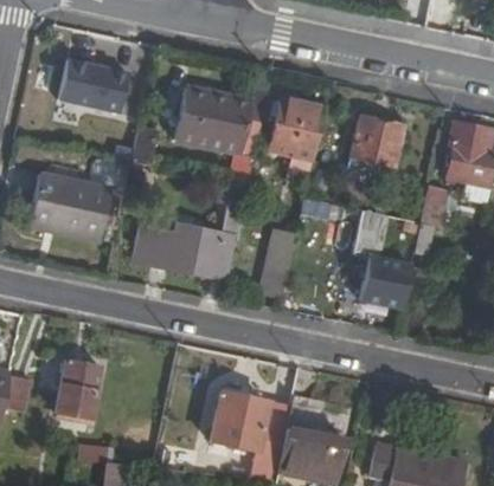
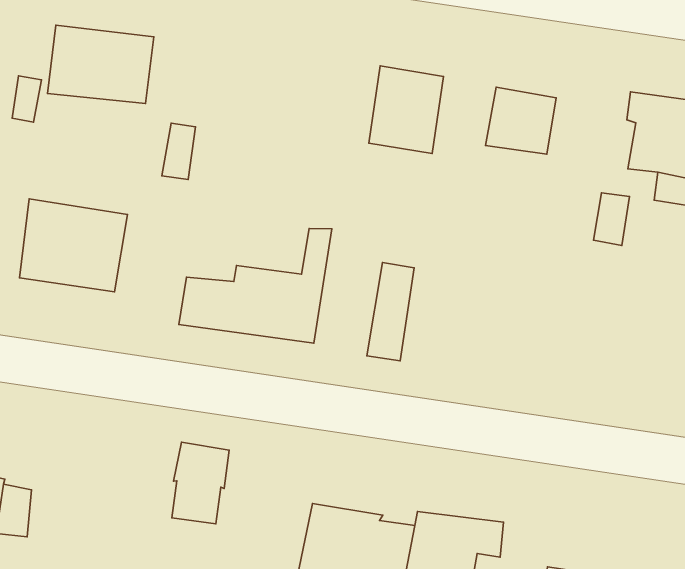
building: [177,88,265,151] -> none
building: [354,210,412,313] -> none
building: [57,357,98,414] -> [172,442,229,524]

